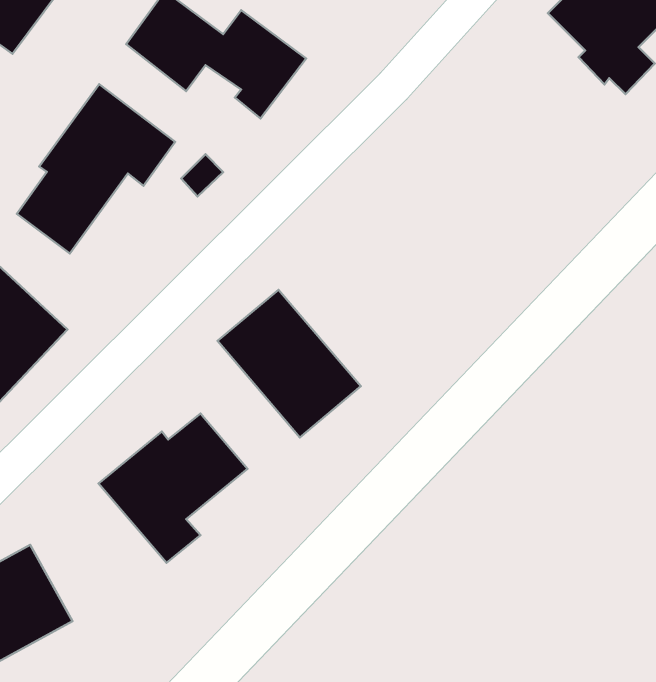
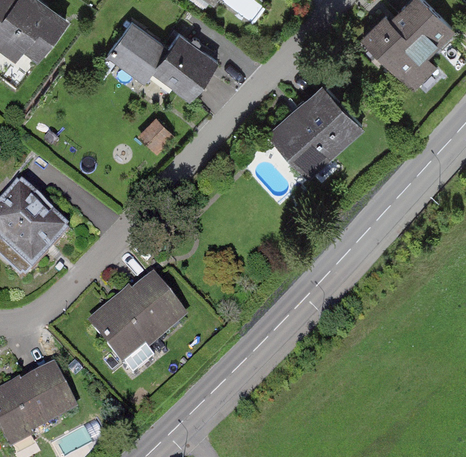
building: [17,84,175,254] -> none
building: none -> [275,89,362,178]
building: [218,290,361,437] -> none

